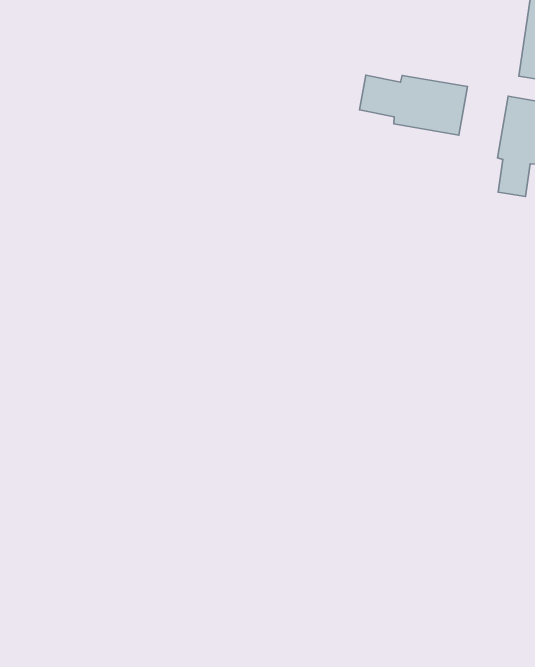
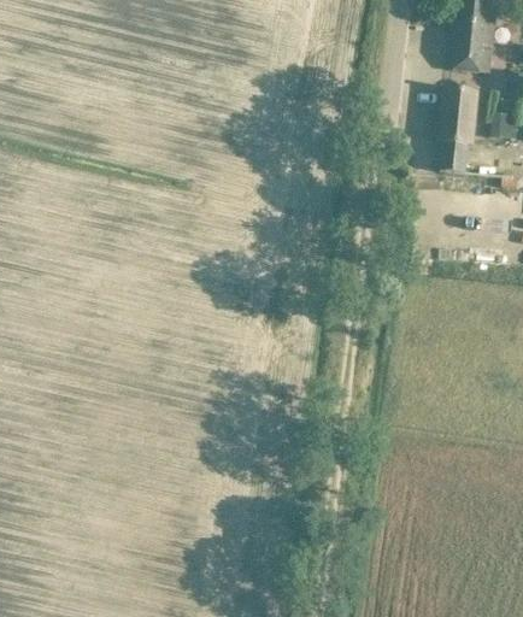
building: [360,75,467,135] -> none

